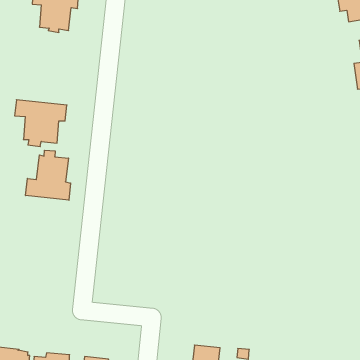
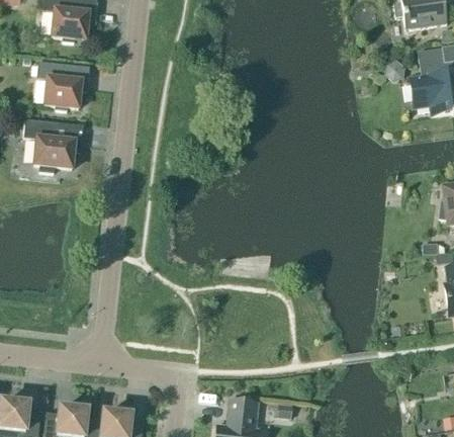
building: none -> [36,61,90,109]
building: [26,150,71,200] -> none

